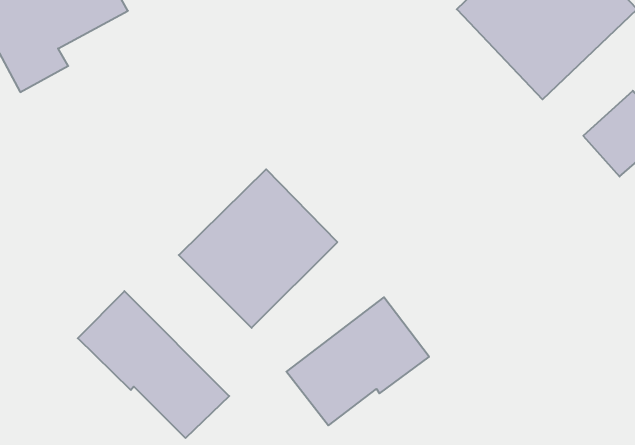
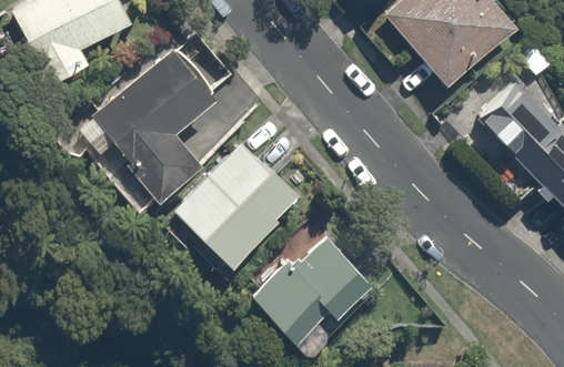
building: none -> [80,54,219,201]
building: [78,291,229,438] -> none

